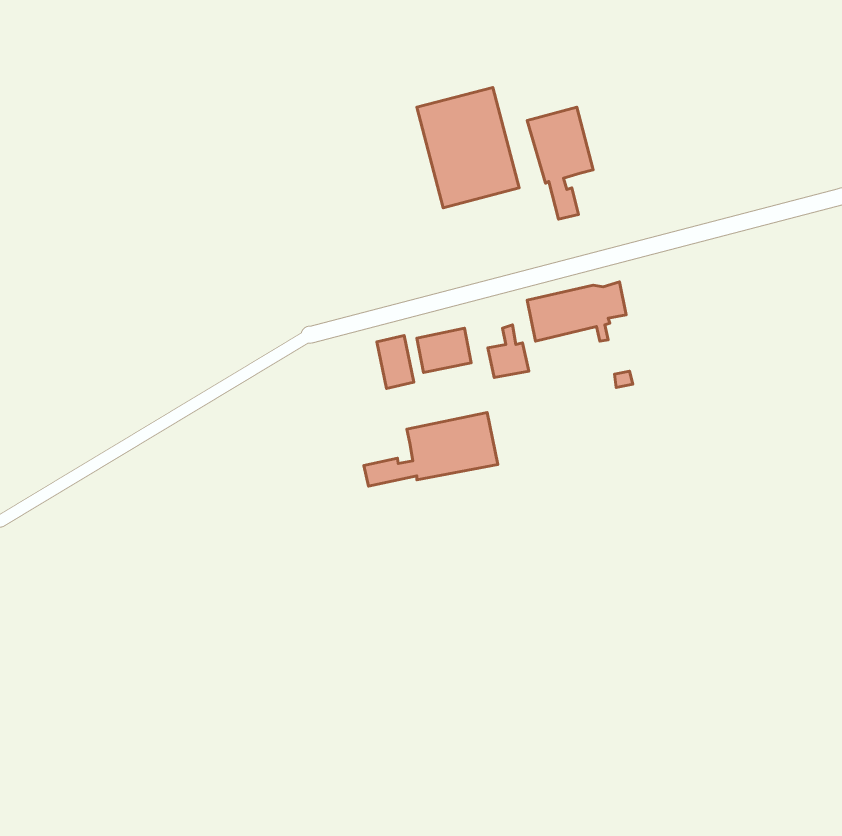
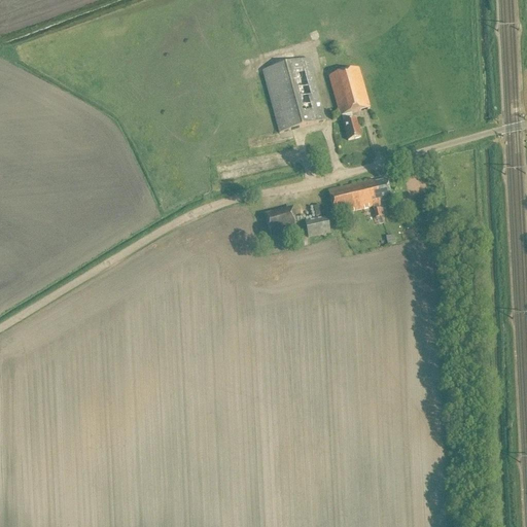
building: [377,336,414,389] -> none
building: [364,412,498,486] -> none

